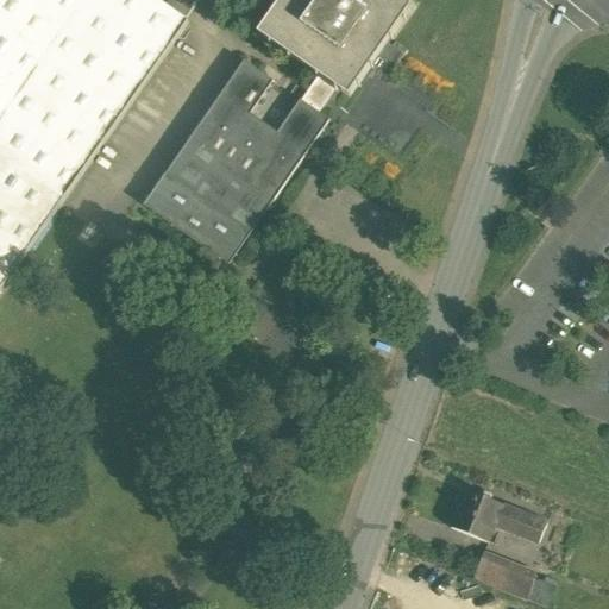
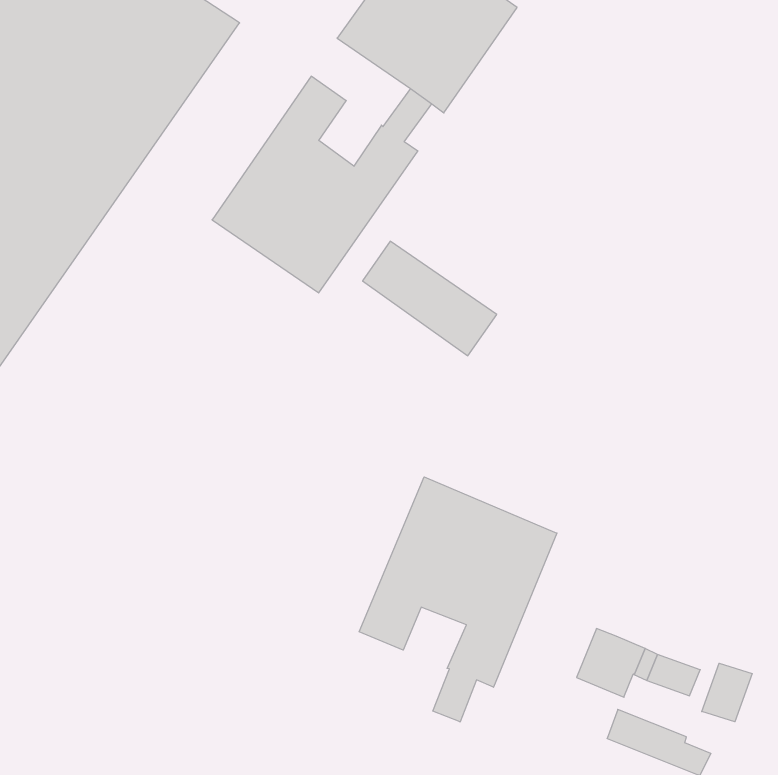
building: [144,171,249,260] -> [363,241,497,356]
building: none -> [359,477,557,722]
building: none -> [702,663,752,722]

